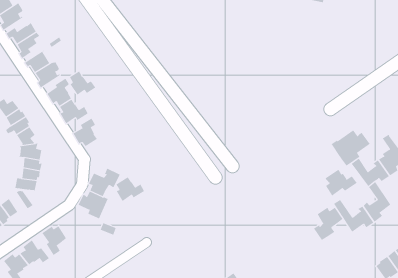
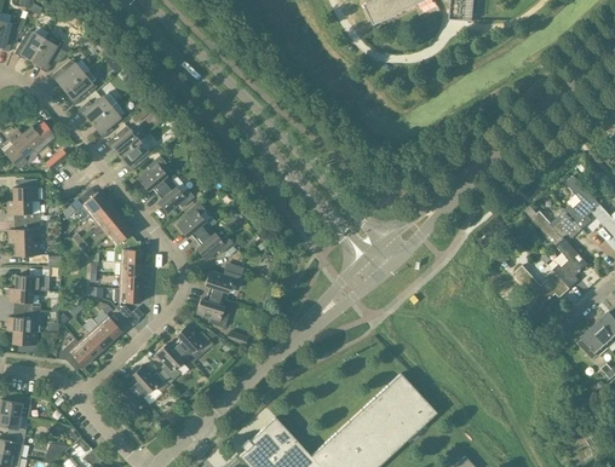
building: [69,71,96,96] -> none
building: [331,129,370,167] -> none
building: [325,169,358,196] -> none
building: [116,176,145,202] -> [195,227,232,260]
building: [313,207,343,241] -> none
building: none -> [174,324,212,357]

